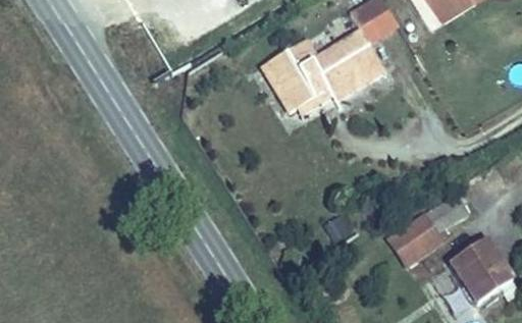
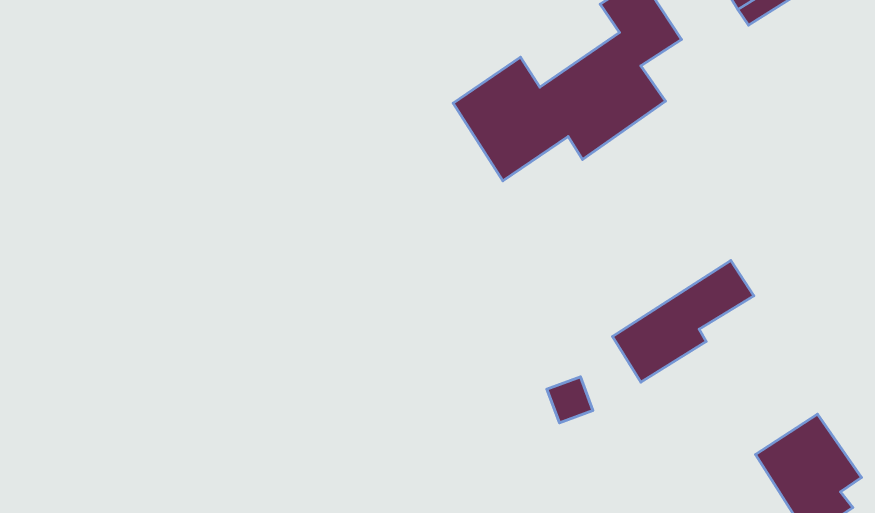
building: [388,195,470,265] -> [613,260,754,382]

